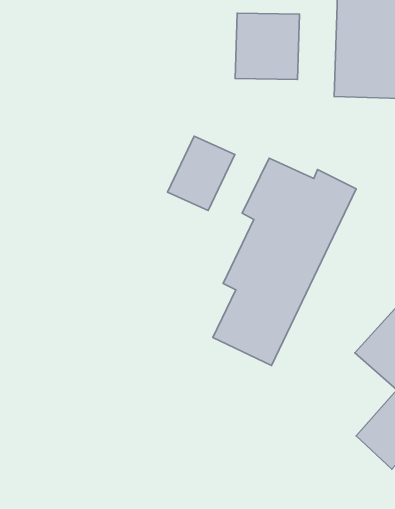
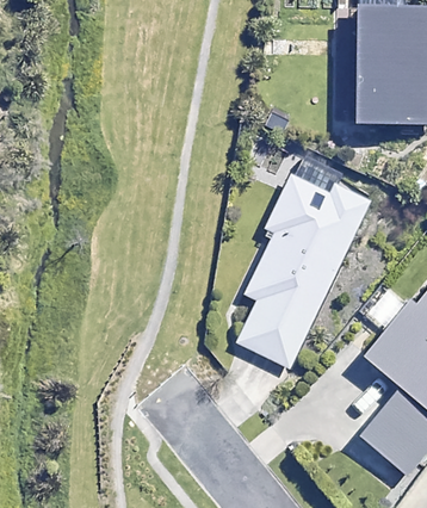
building: [235,13,300,79] -> none
building: [167,136,235,211] -> none

